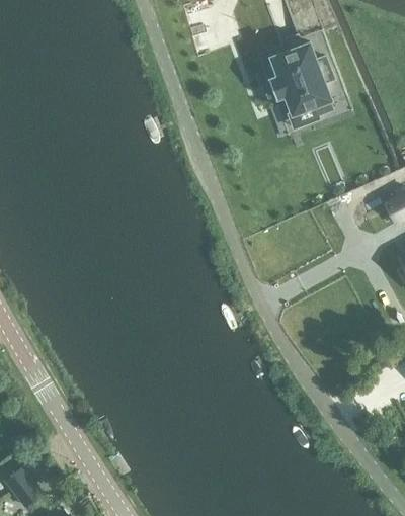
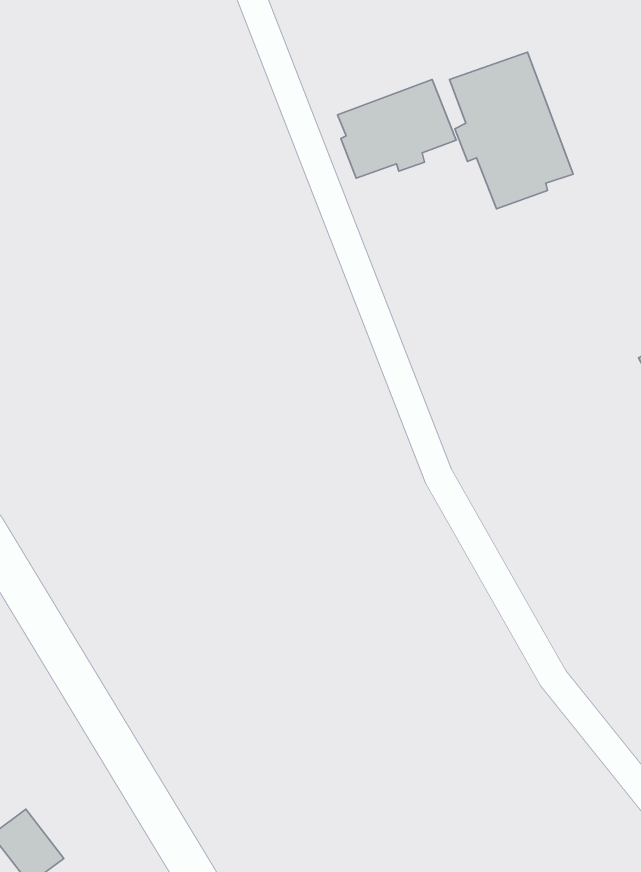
building: none -> [337,80,456,178]

